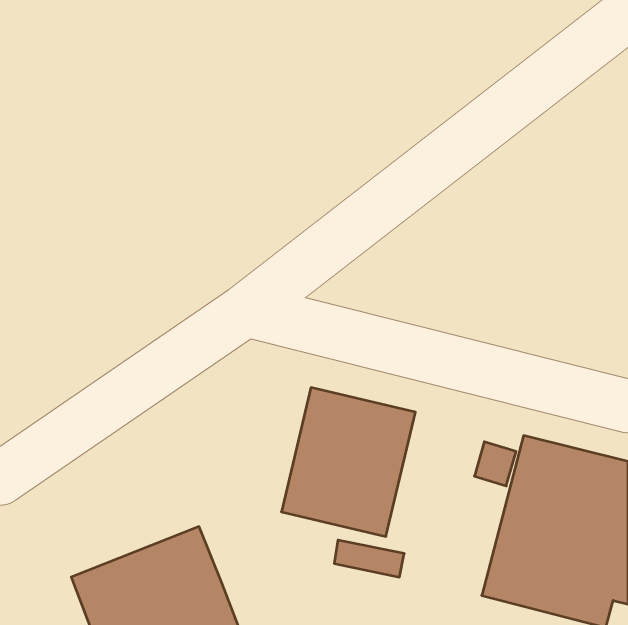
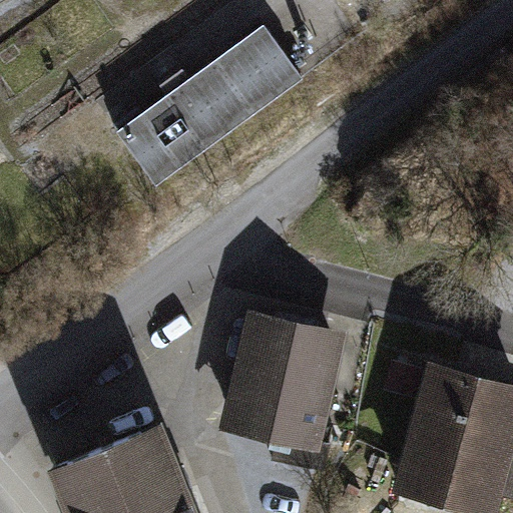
building: none -> [117,25,303,184]

